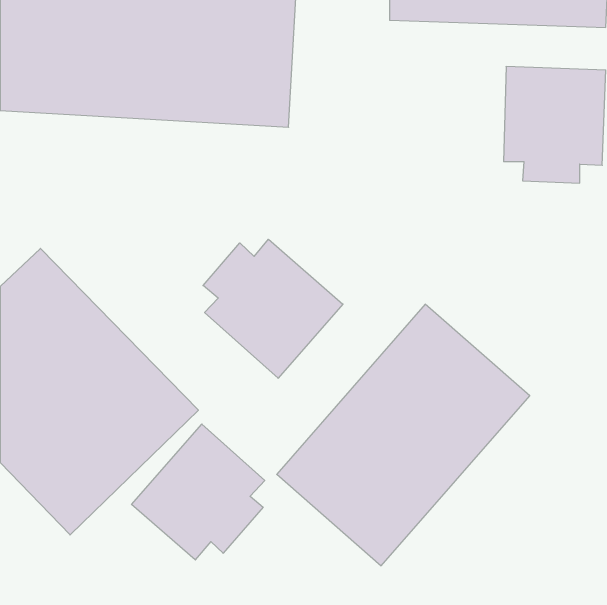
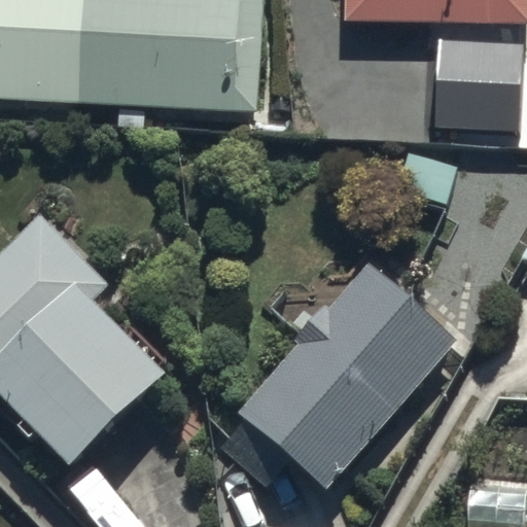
building: [203,239,343,378] -> none
building: [132,424,265,560] -> none

